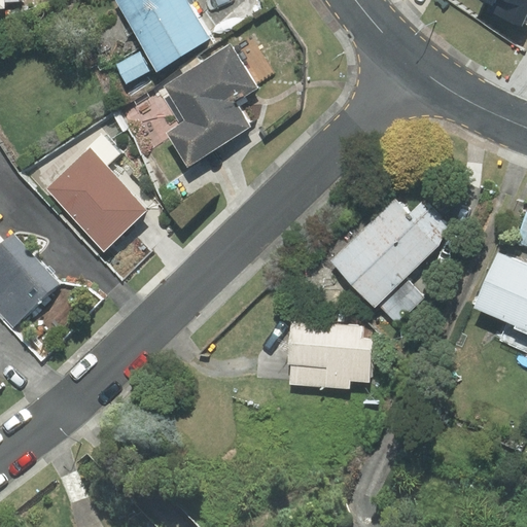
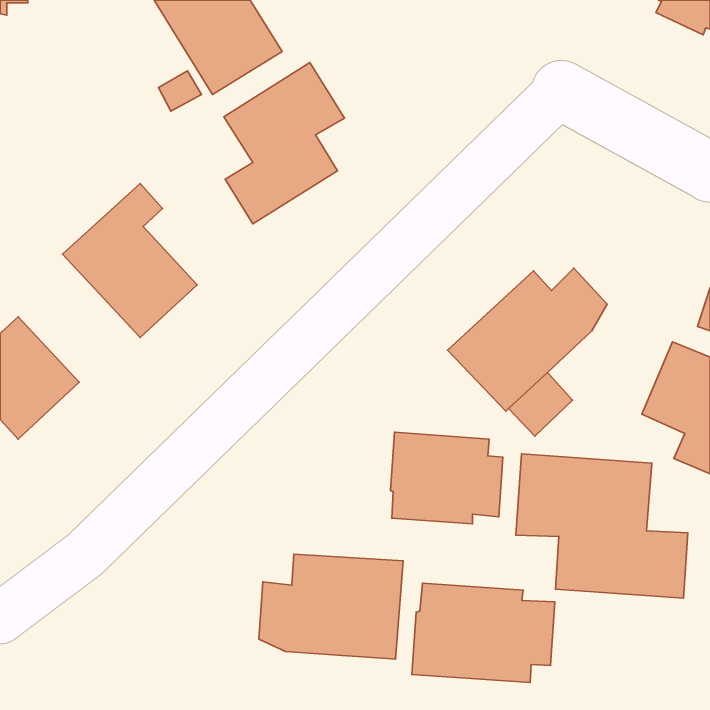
building: none -> [516,454,688,598]
building: none -> [259,554,403,659]
building: none -> [412,583,555,682]

